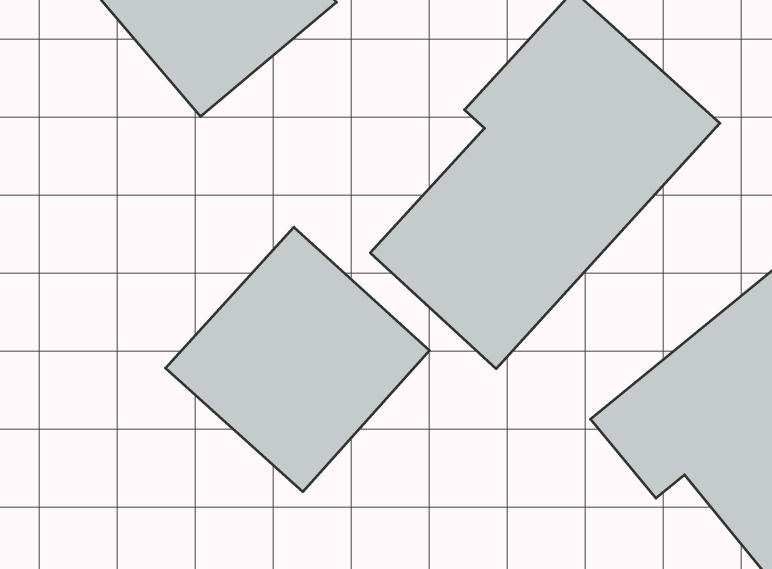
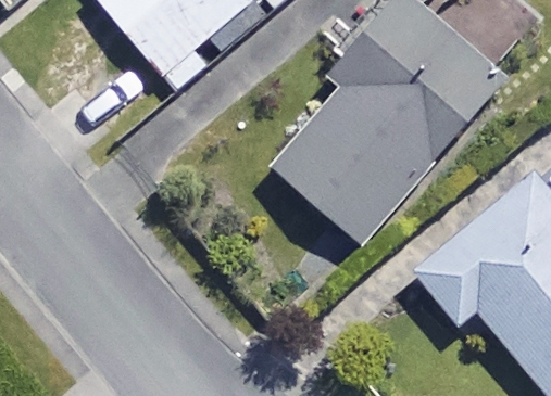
building: [165,227,430,492] -> none

